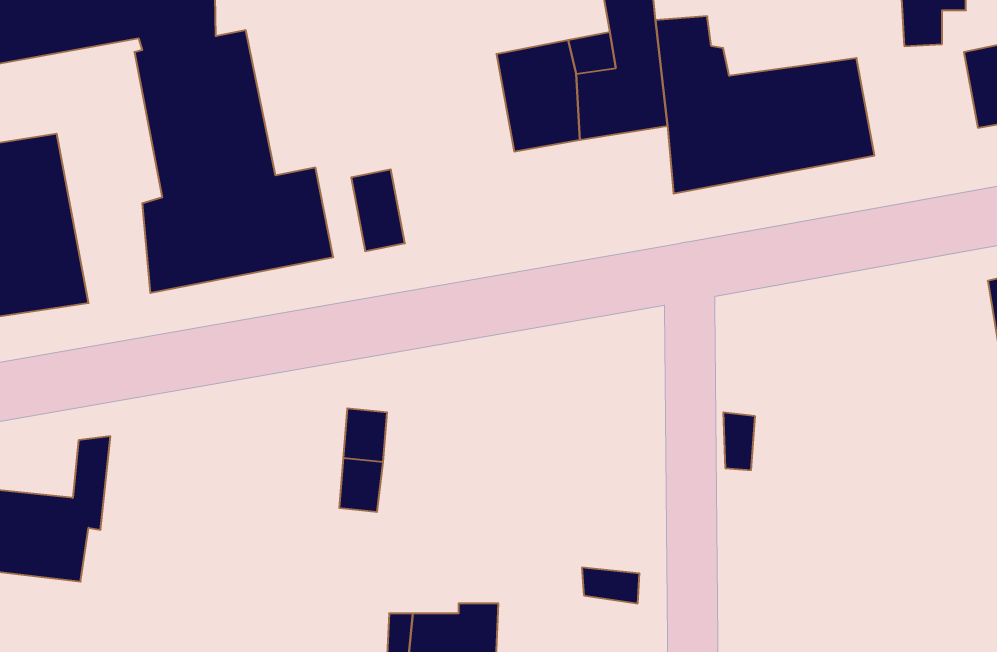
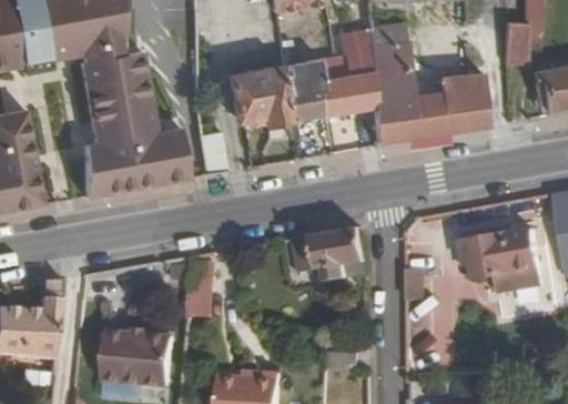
building: none -> [226,65,288,125]
building: none -> [286,228,367,277]
building: none -> [463,228,544,290]
building: none -> [104,332,175,387]

